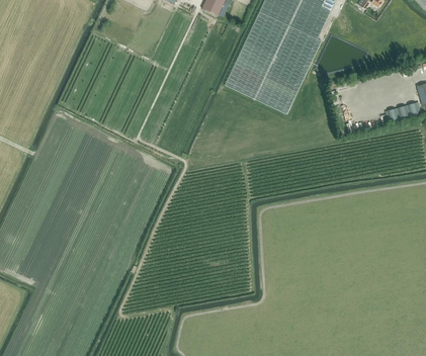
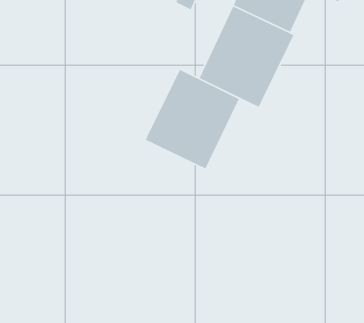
building: none -> [145,69,240,169]

